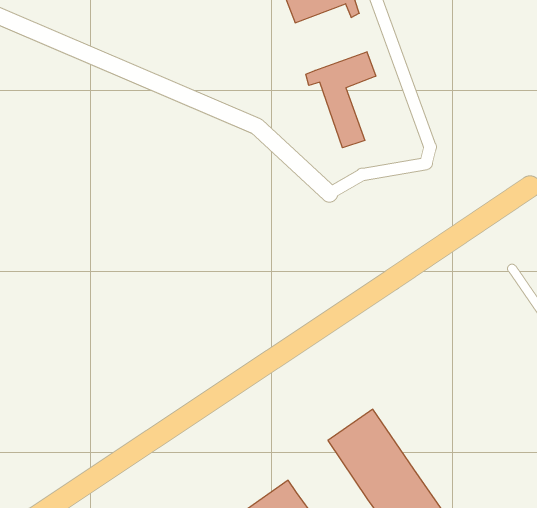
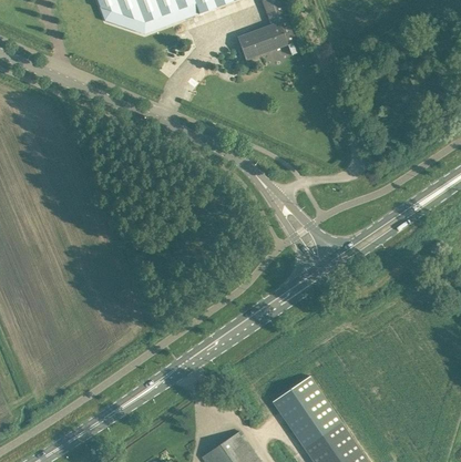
building: [306,52,376,148] -> none

